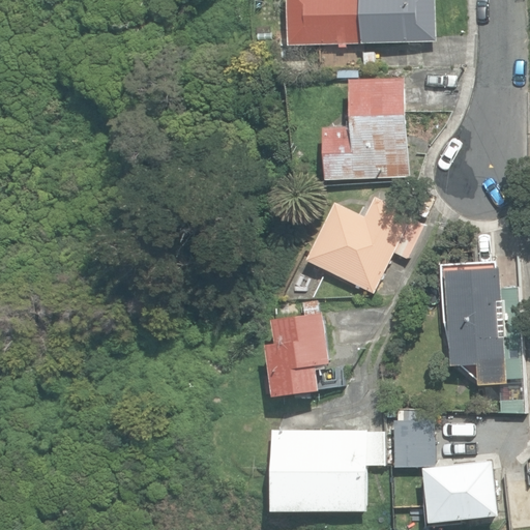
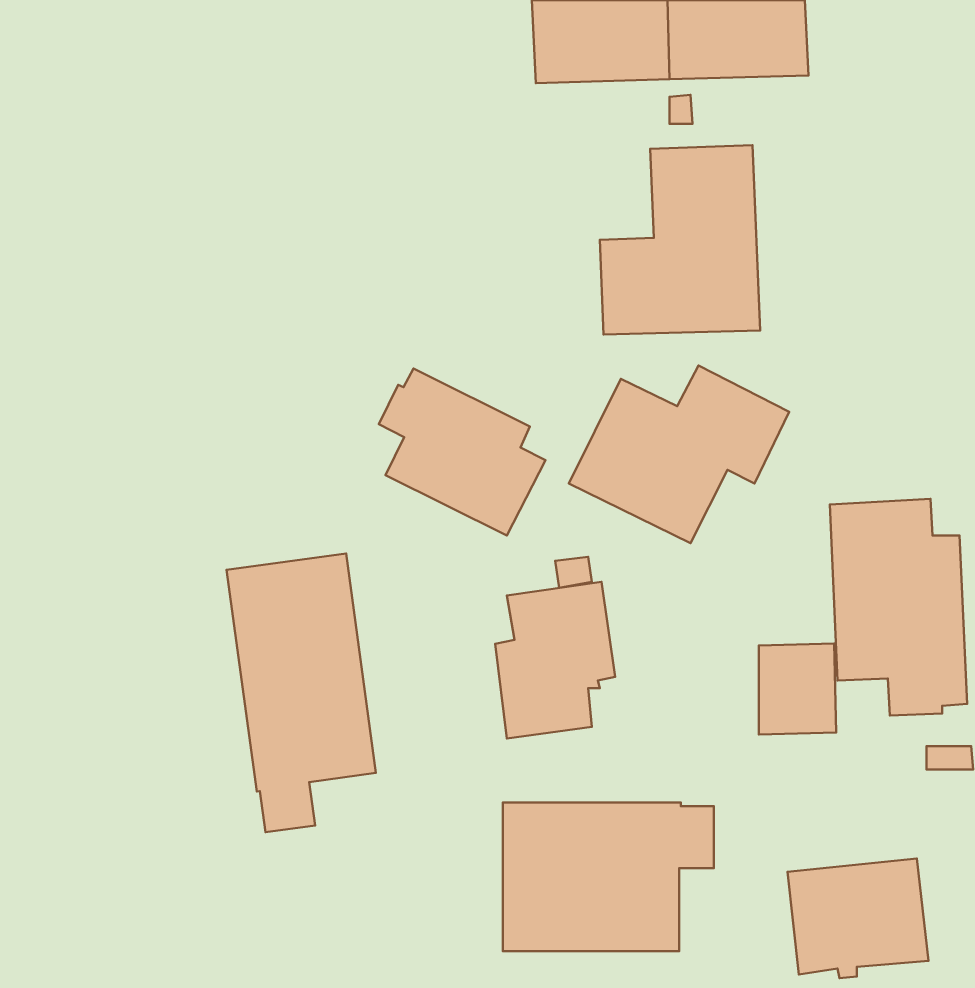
building: none -> [379,369,546,535]
building: none -> [226,554,376,832]
building: [390,418,432,467] -> [759,644,836,734]

